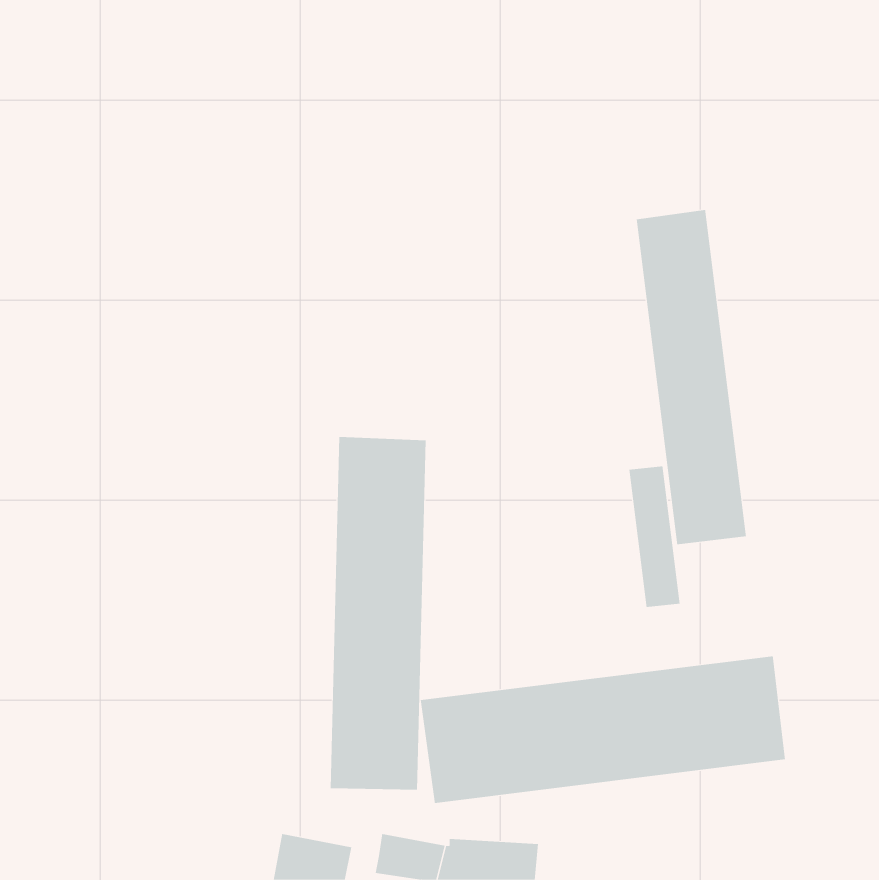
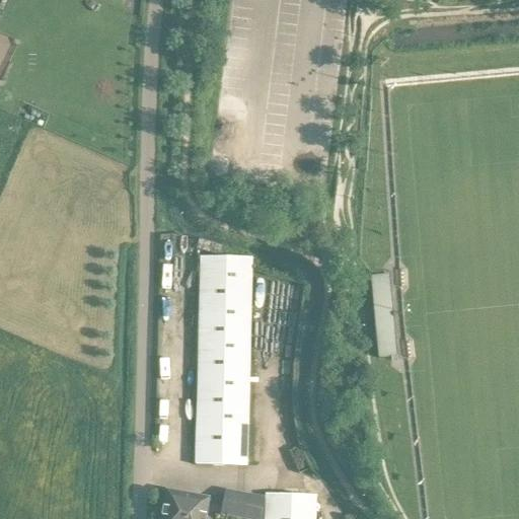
building: [636,209,746,545] -> none
building: [420,656,786,804] -> none

